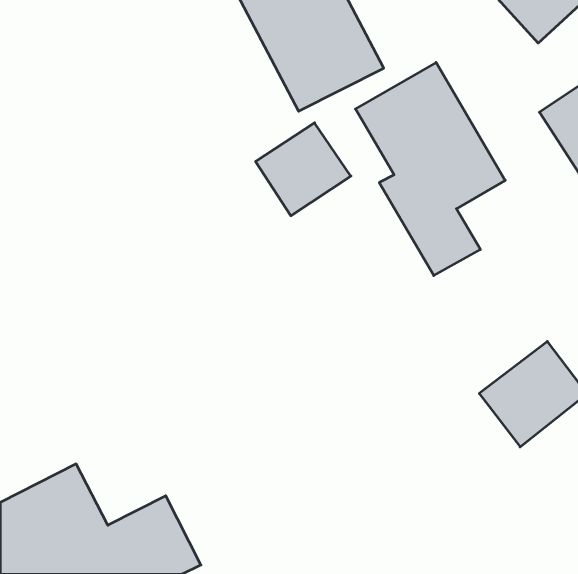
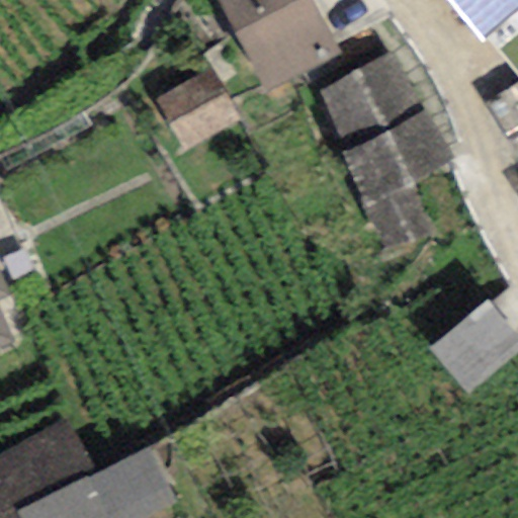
building: [256,123,351,216] -> [155,66,240,149]

